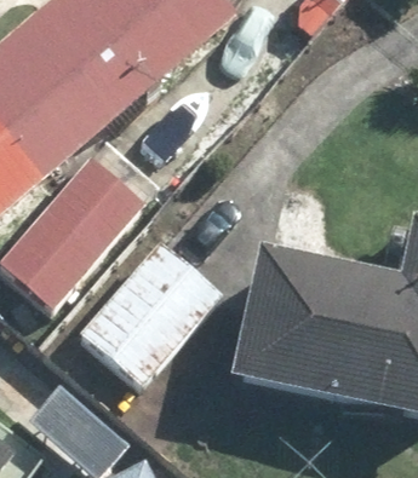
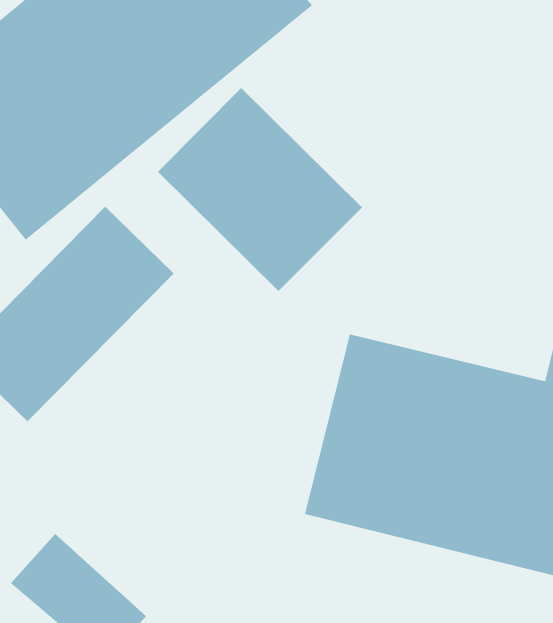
building: none -> [157,87,363,292]
building: [78,240,219,387] -> none

